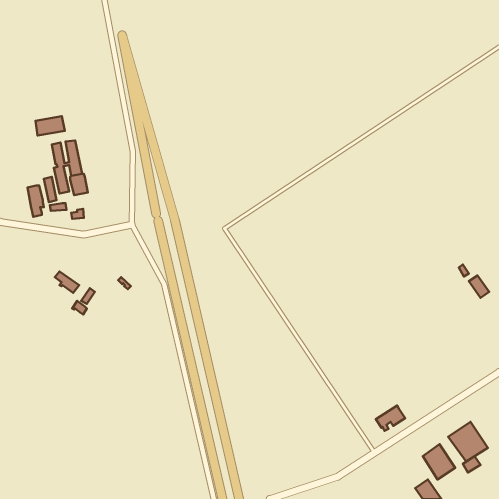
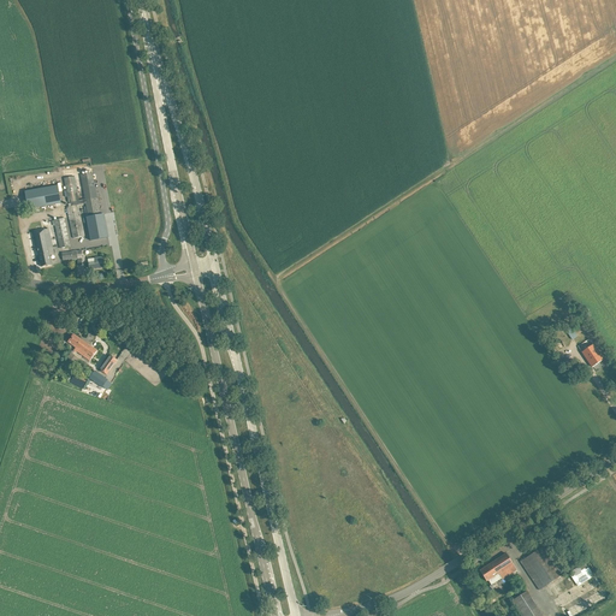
building: [36,116,65,136] -> [26,185,63,209]
building: [376,405,405,431] -> [480,553,516,585]
building: [448,422,488,461] -> none

